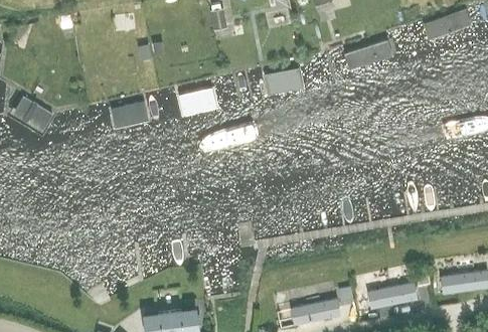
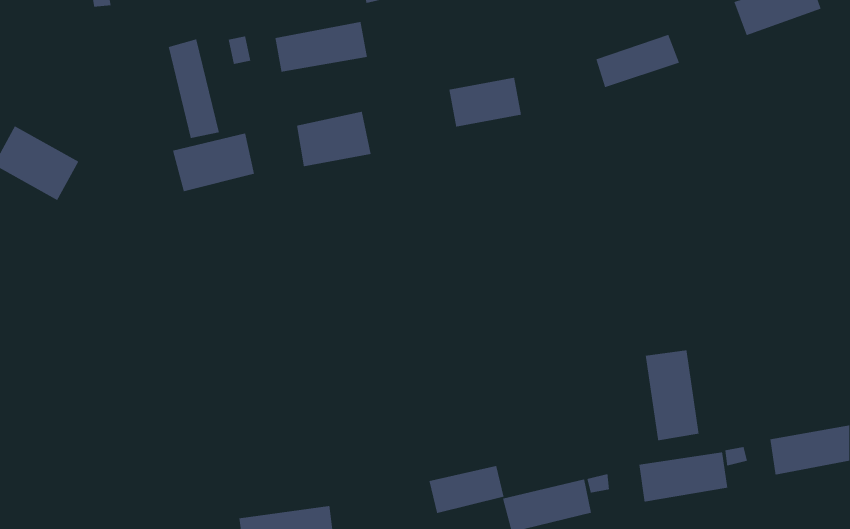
building: none -> [275,21,368,72]
building: none -> [168,38,220,139]
building: none -> [645,350,699,441]
building: none -> [429,465,504,514]

